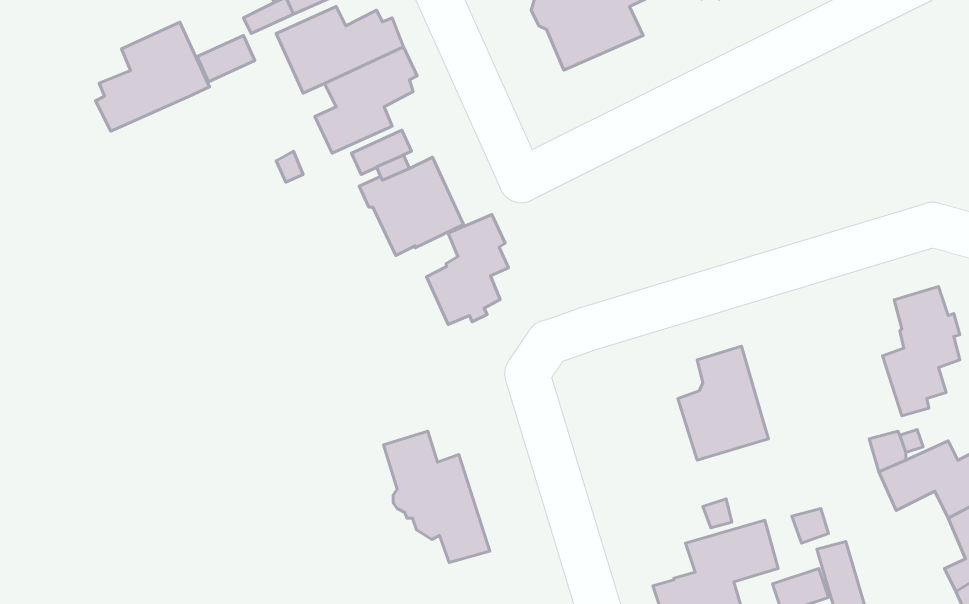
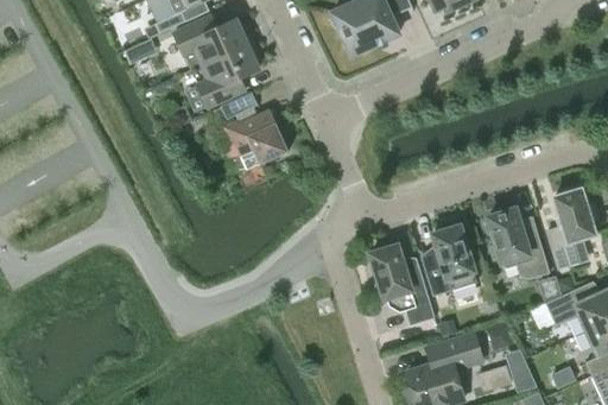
building: [95,22,209,131] -> none
building: [426,215,508,324] -> none
building: none -> [484,209,549,279]
building: [384,431,490,563] -> [369,245,435,325]

